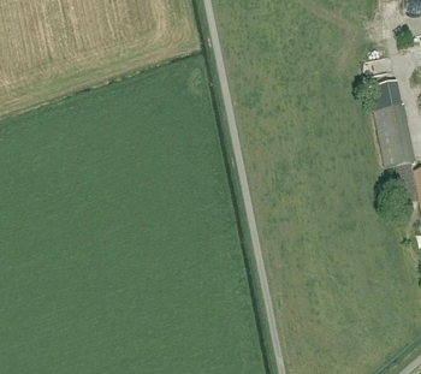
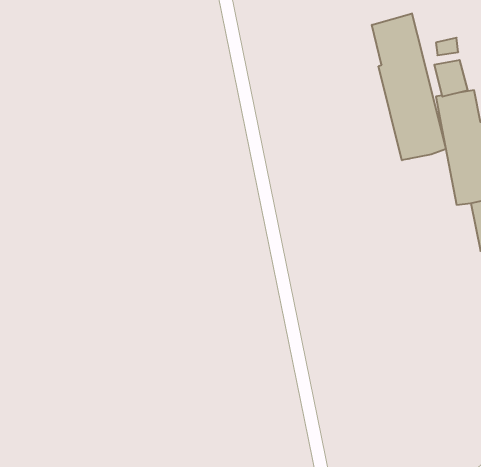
building: none -> [372,13,446,160]

